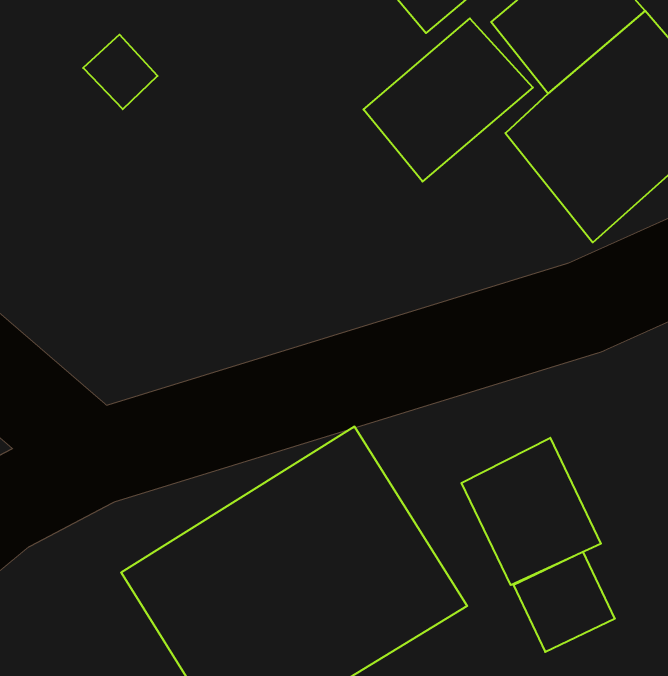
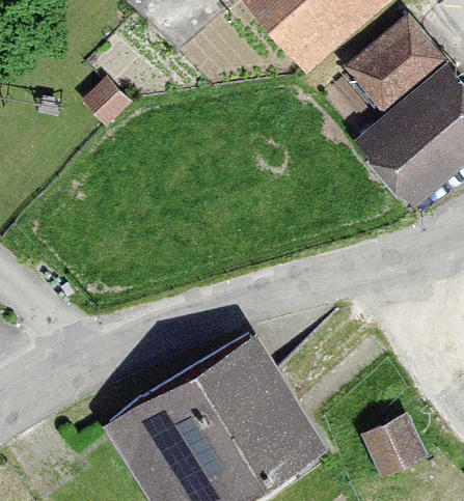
building: [363,18,533,182] -> none
building: [461,438,601,585] -> none

